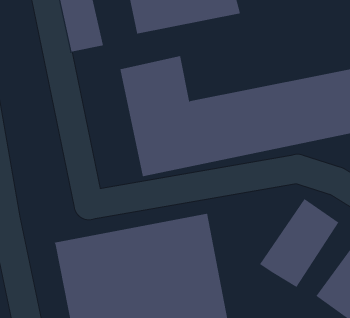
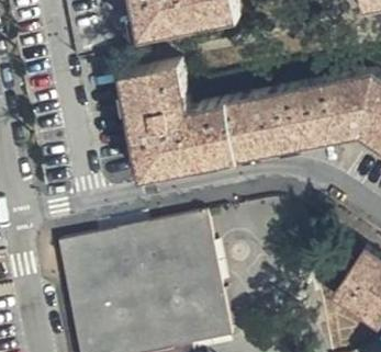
building: [259,198,339,288] -> none

